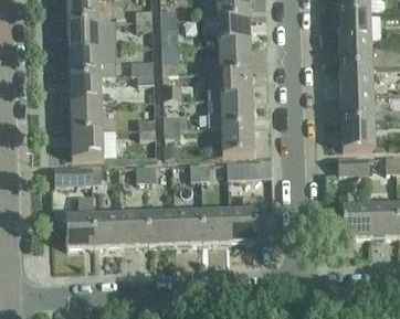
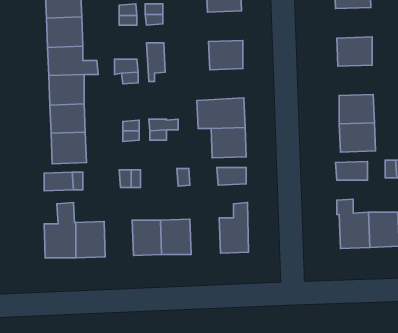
building: [339,12,373,41] -> none
building: [203,15,252,44] -> none
building: [341,66,375,95] -> none
building: [208,70,253,99] -> none
building: [202,210,231,244] -> none
building: [122,212,149,246] -> none

